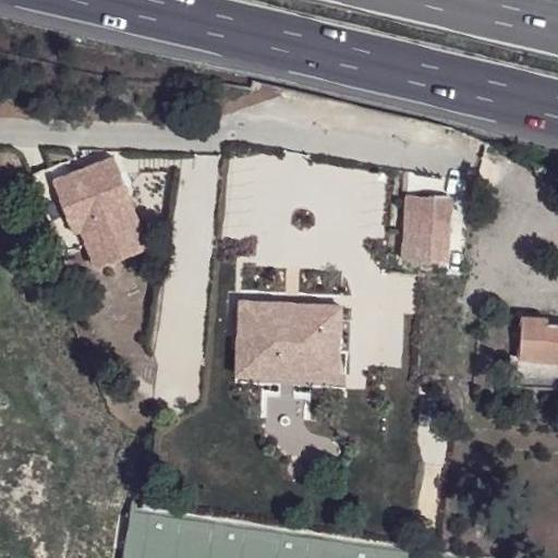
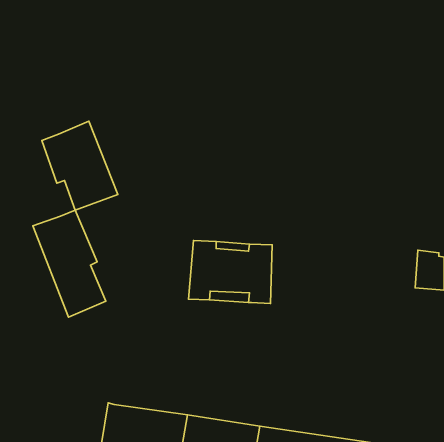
building: [400,203,448,269] -> none
building: none -> [33,210,106,317]

